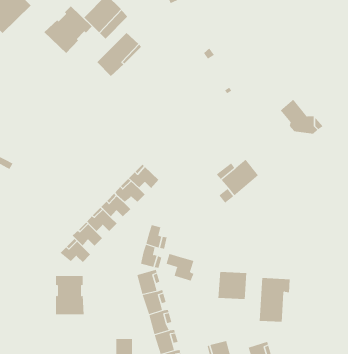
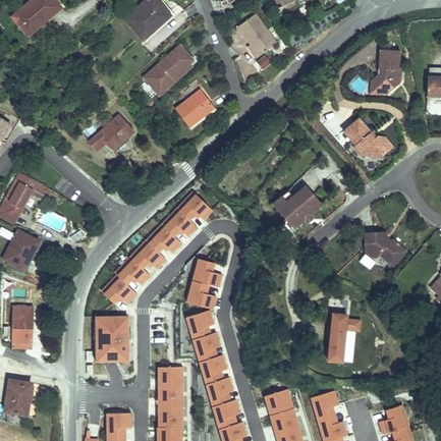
building: [44,5,92,54] -> none
building: none -> [236,18,280,64]
building: none -> [377,52,407,94]
building: none -> [173,87,213,126]
building: none -> [77,113,133,150]
building: none -> [365,234,404,268]
building: [166,253,194,281] -> none
building: [218,271,247,300] -> none
building: none -> [164,366,183,386]

